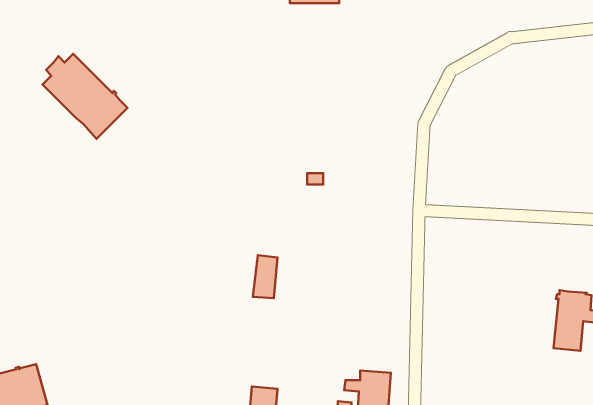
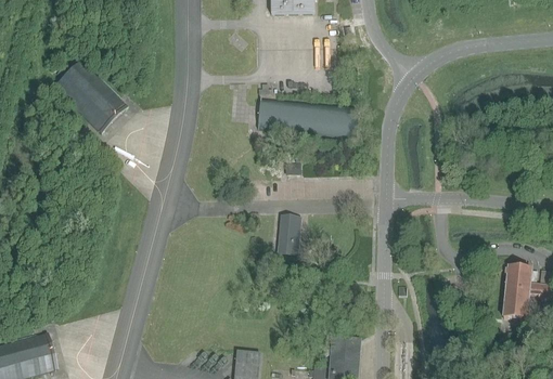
building: none -> [258,97,359,135]
building: [253,255,277,298] -> [279,215,300,253]

